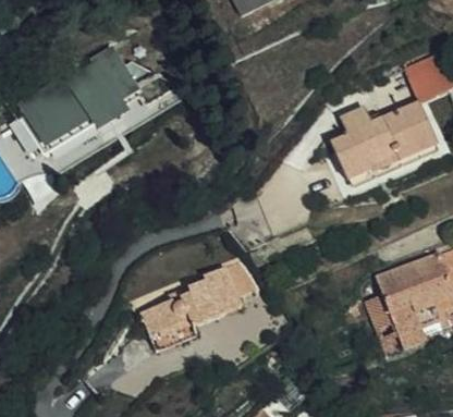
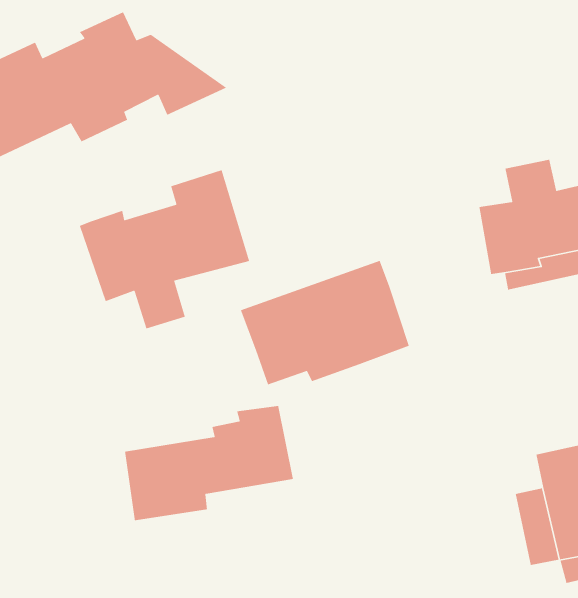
building: none -> [79,169,250,329]
building: none -> [240,260,410,385]

